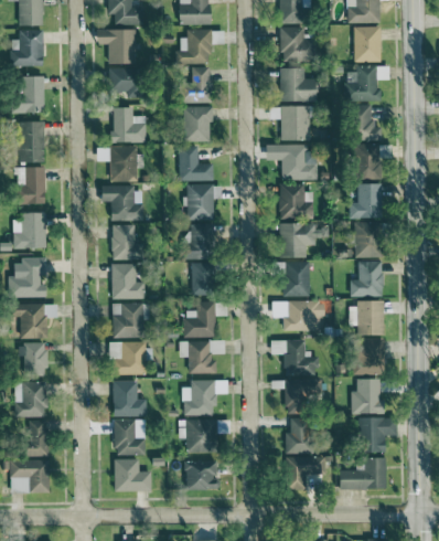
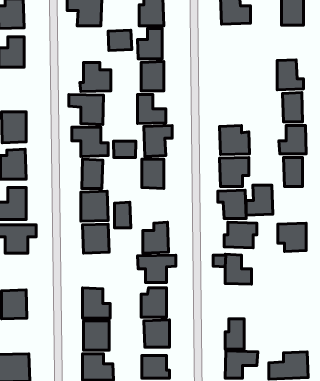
building: [345,65,390,102] -> none
building: [108,67,137,92] -> [108,30,132,50]
building: [280,67,306,102] -> none
building: [269,106,310,140] -> none
building: [19,121,44,161] -> none
building: [281,145,319,179] -> none
building: none -> [114,141,136,158]
building: [351,261,383,297] -> [246,185,273,215]
building: [193,263,213,294] -> [114,202,131,228]
building: [353,339,384,373] -> none
building: [110,341,147,374] -> none
building: [19,342,46,375] -> none
building: [286,378,322,406] -> none
building: [351,379,384,413] -> none
building: [357,417,393,452] -> none
building: [20,421,47,456] -> none

